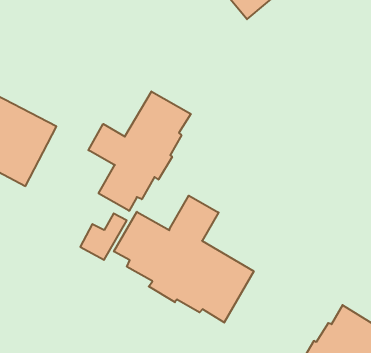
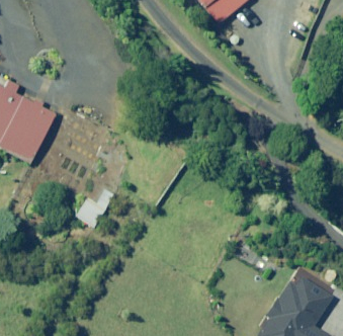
building: [88,91,191,211] -> none
building: [114,196,254,323] -> none

